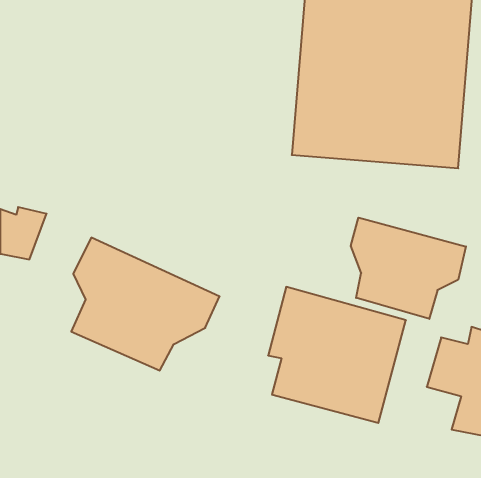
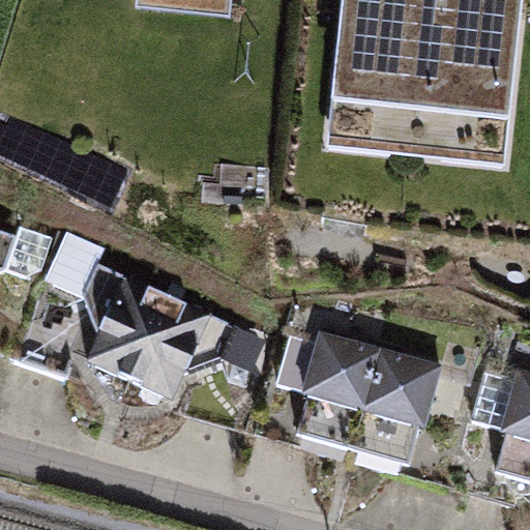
building: [351,218,466,319] -> none

